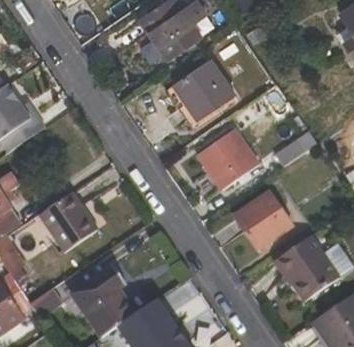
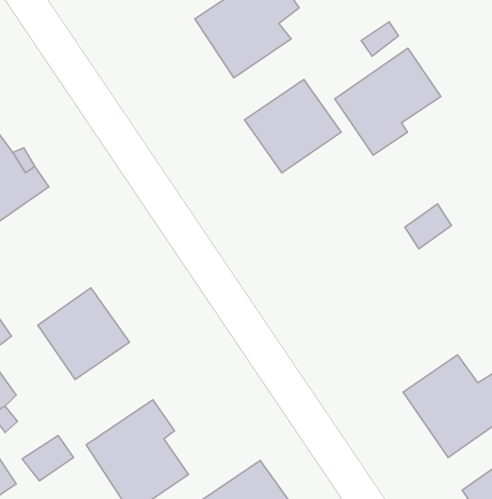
building: none -> [335,48,441,155]
building: [198,130,258,190] -> none
building: [234,190,291,249] -> none

